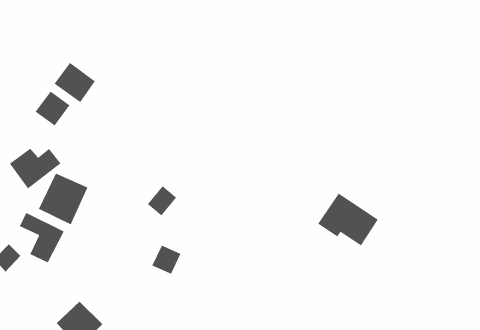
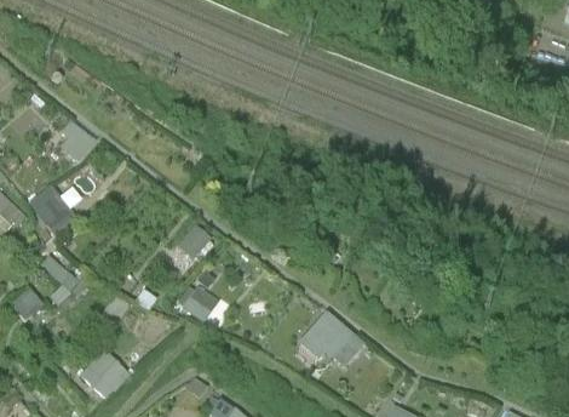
building: [53,62,96,103] -> none
building: [38,172,89,225] -> none
building: [317,193,379,246] -> [300,313,367,371]

